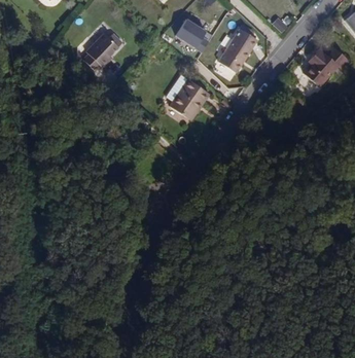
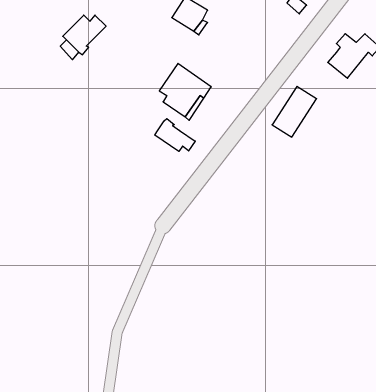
building: [219,29,256,71] -> [272,86,317,137]
building: none -> [155,119,195,151]

